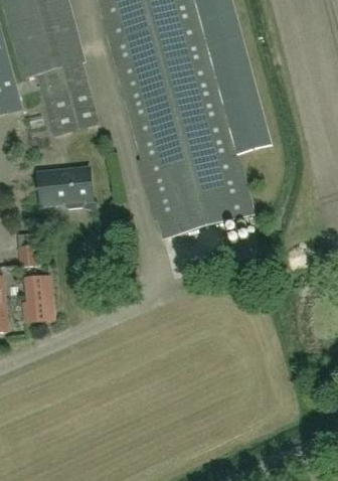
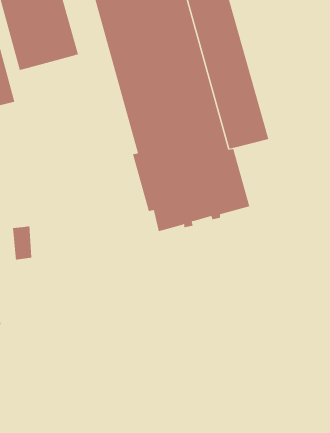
building: [36,61,97,135] -> none
building: [36,166,92,207] -> none
building: [24,276,52,321] -> none

